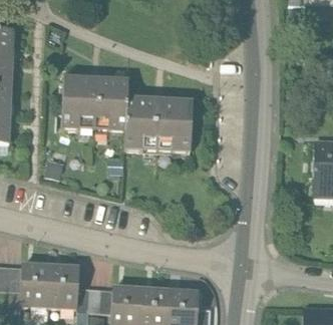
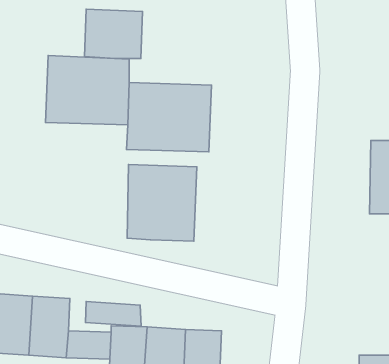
building: none -> [85,9,143,59]
building: none -> [127,165,197,241]
building: none -> [85,302,141,326]

